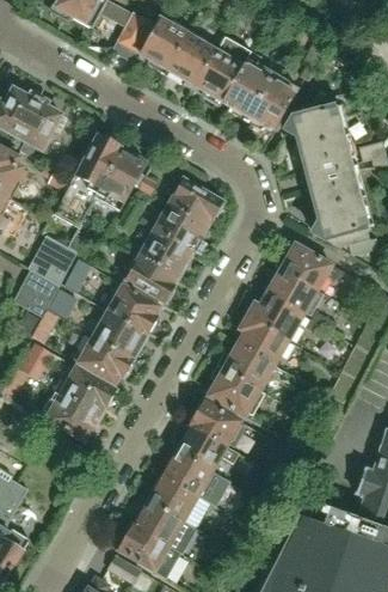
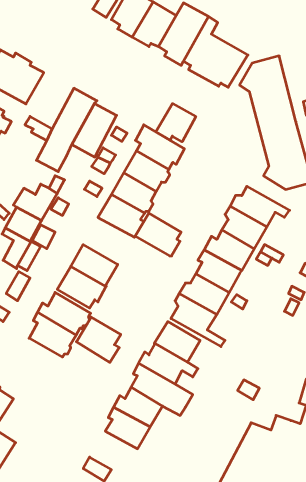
building: none -> [156,104,196,142]
building: [107,285,160,334] -> [135,213,181,256]
building: none -> [76,317,121,362]
building: [117,524,180,576] -> none

